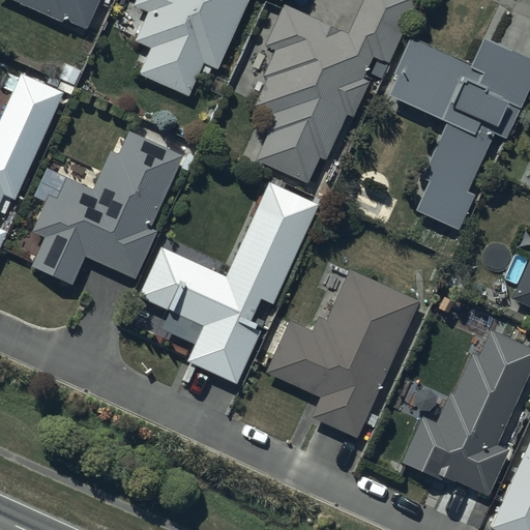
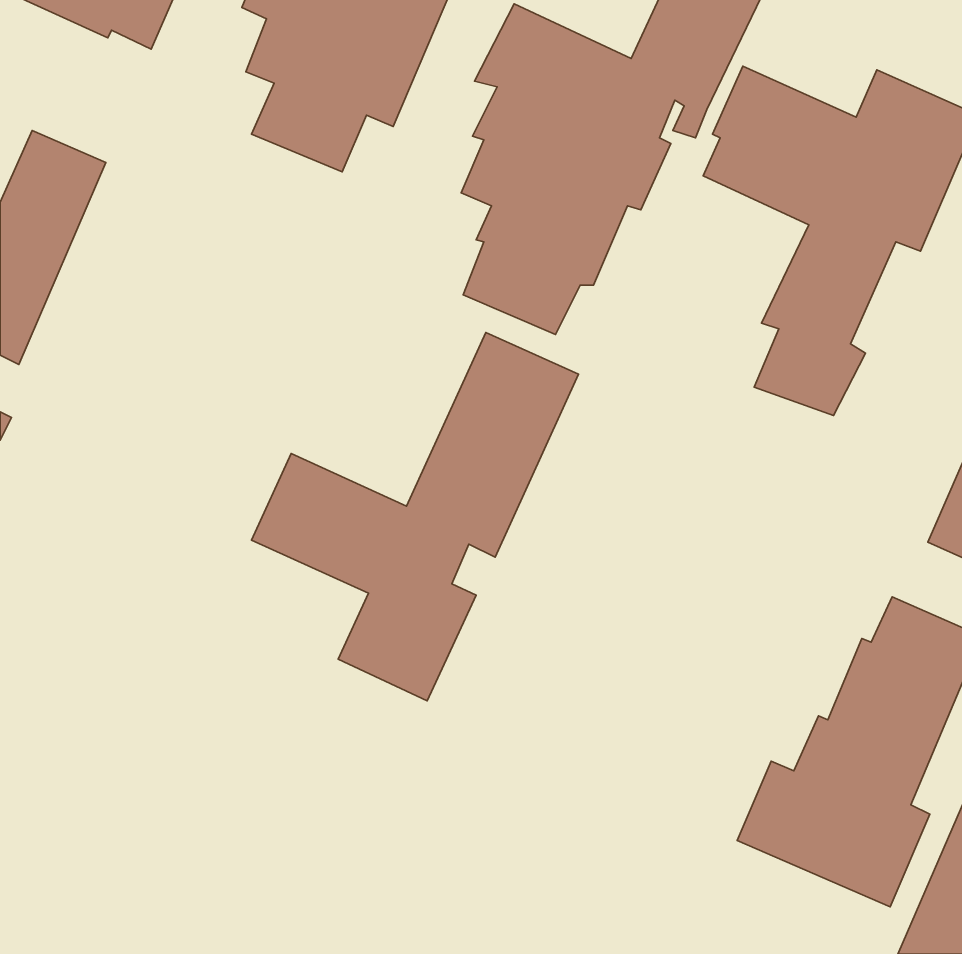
building: [32,125,186,284] -> none
building: [265,268,419,438] -> none

